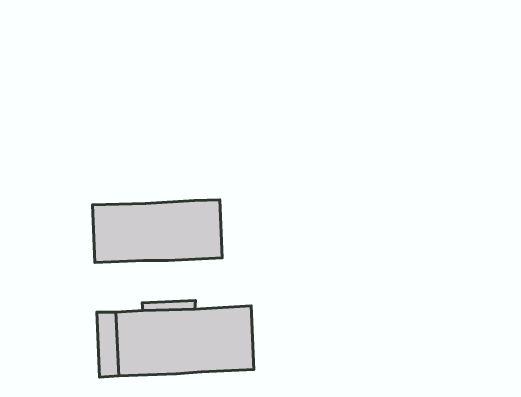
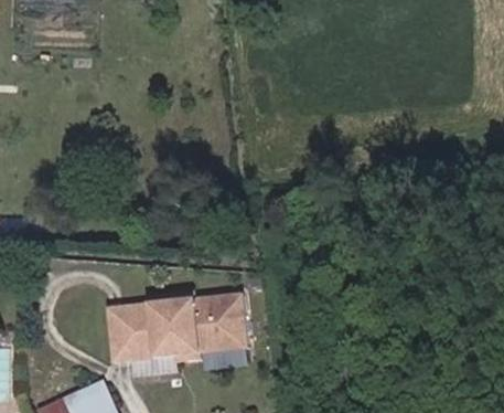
building: [92,200,222,263] -> none

